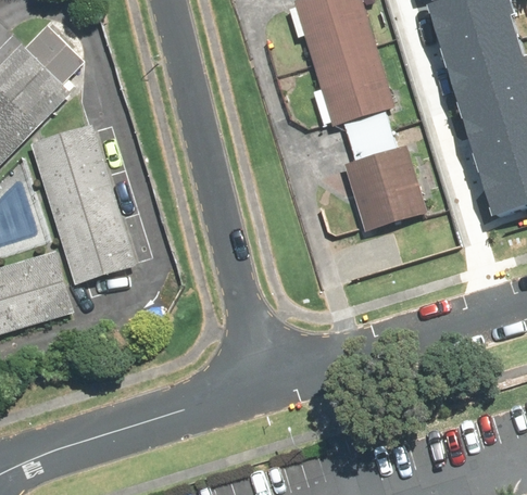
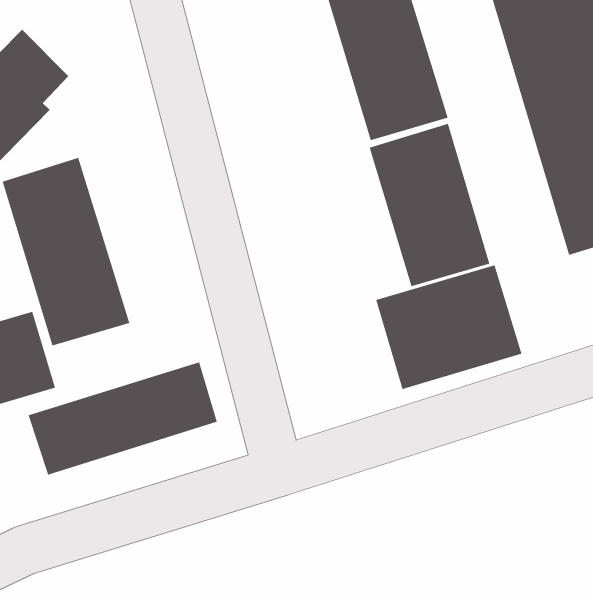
building: none -> [376,264,522,390]
building: none -> [28,362,218,476]

